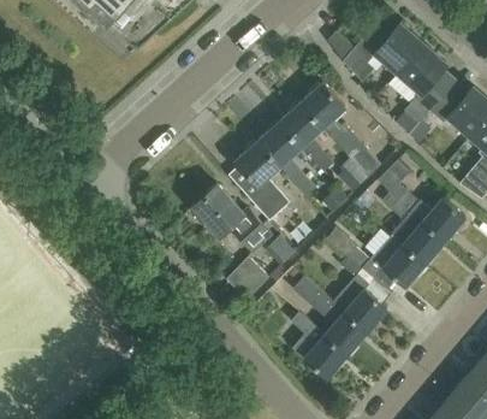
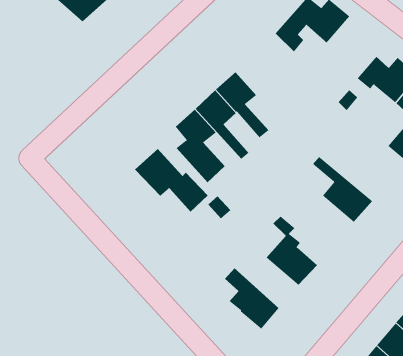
building: [390,43,450,123] -> none
building: [299,82,382,179] -> none
building: [379,161,465,241] -> none
building: [328,230,426,291] -> none
building: [226,258,268,300] -> none
building: [297,277,367,355] -> none

